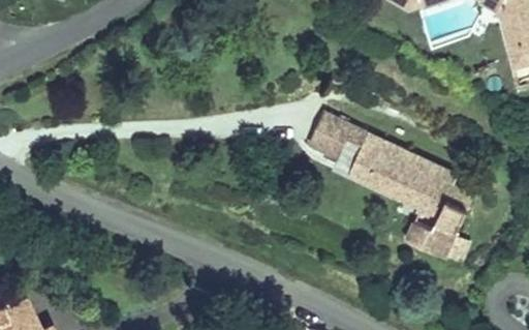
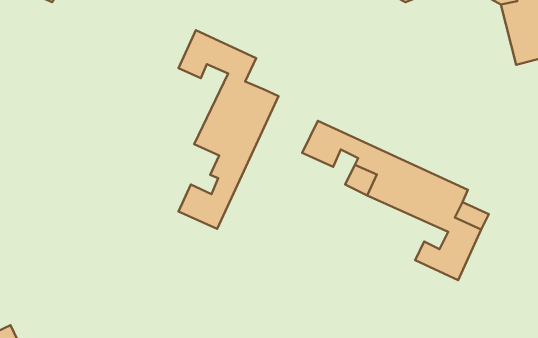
building: none -> [178,30,278,229]

